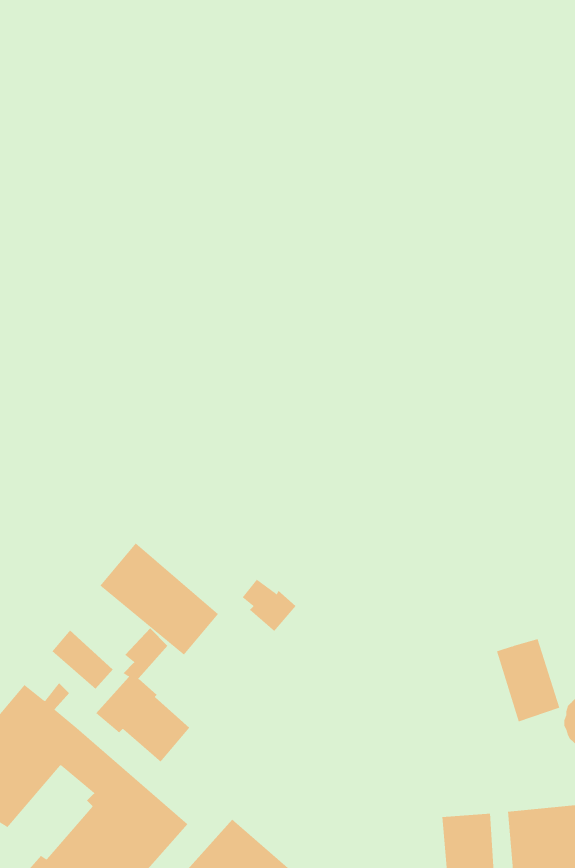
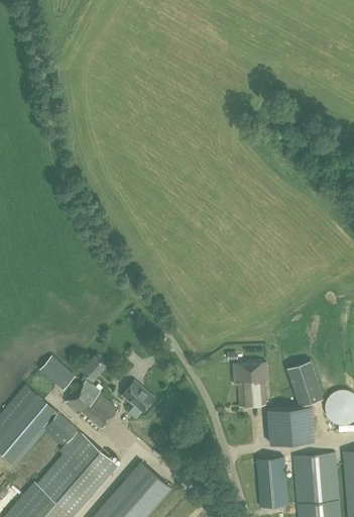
building: [99,543,219,655] -> none
building: [242,579,296,632] -> [123,384,153,413]
building: none -> [232,363,267,407]
building: none -> [268,408,314,445]

